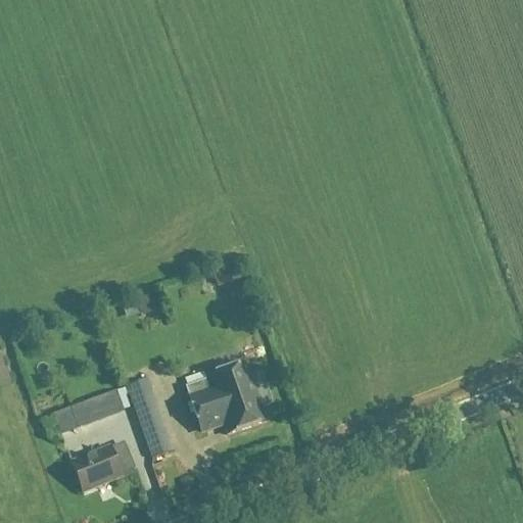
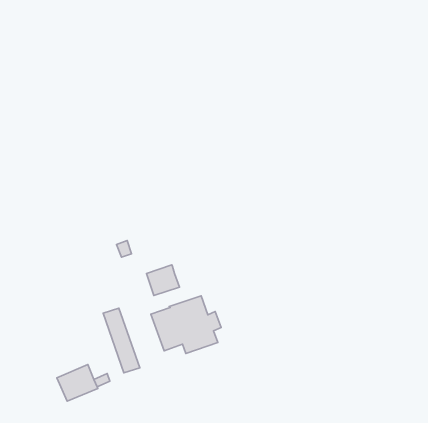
building: none -> [147,265,180,296]
building: [67,389,121,425] -> none

